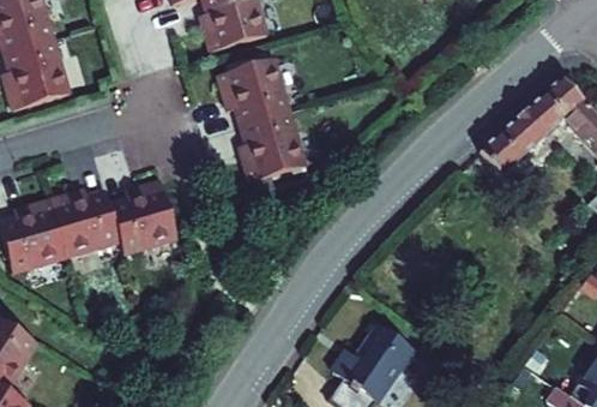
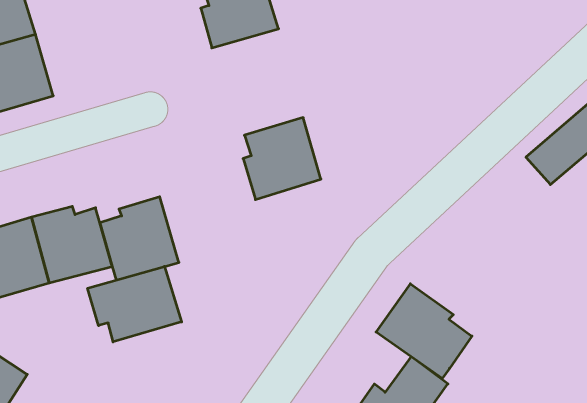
building: [212,59,287,128] -> none
building: none -> [88,266,182,342]
building: none -> [376,284,472,378]

